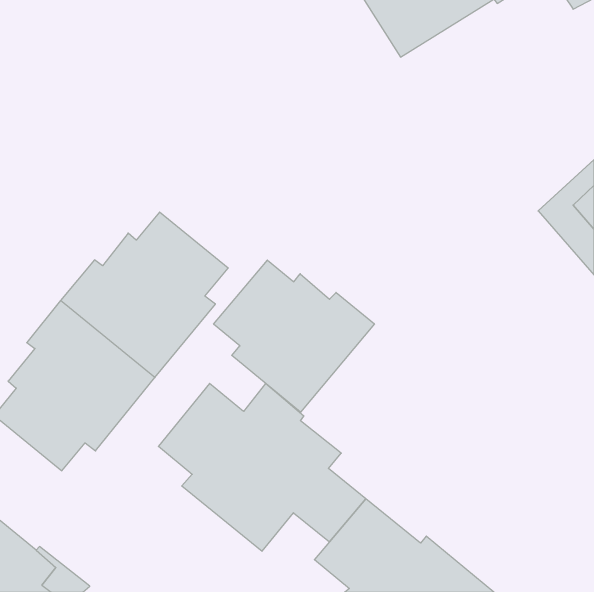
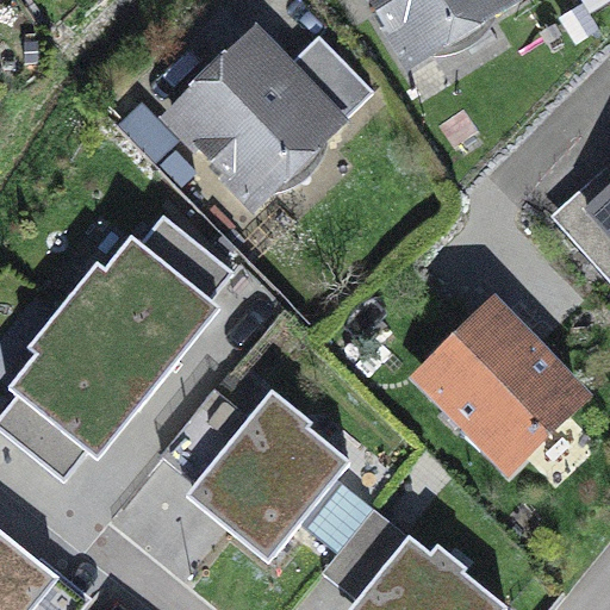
building: none -> [174,41,373,200]
building: [214,260,374,412] -> none
building: none -> [423,310,578,465]

